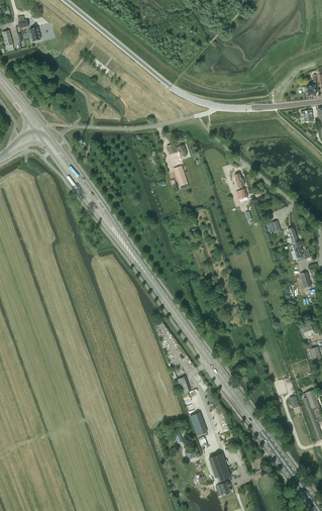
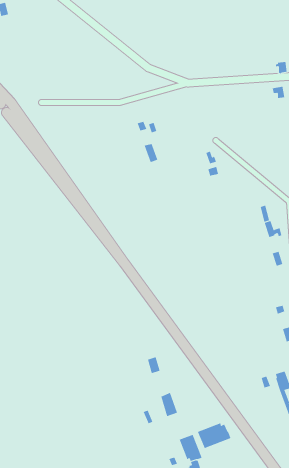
building: none -> [197,423,231,449]

